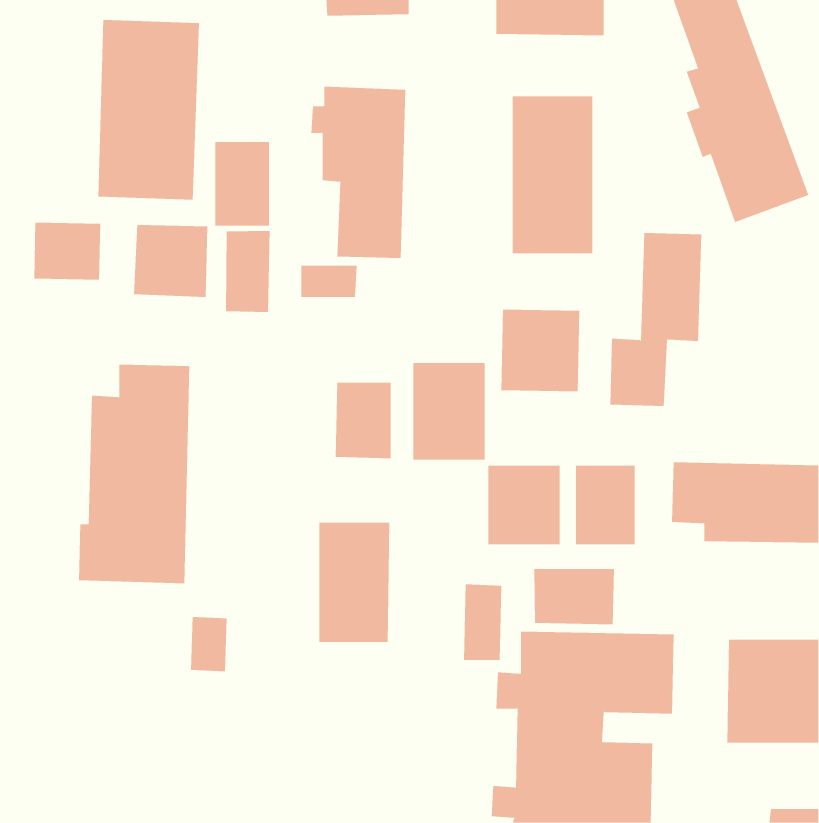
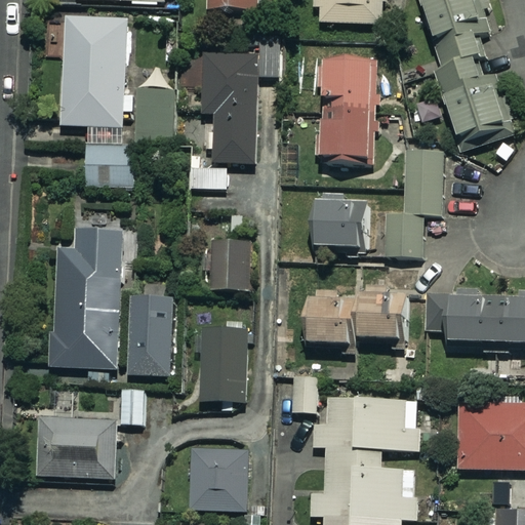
building: [34,222,101,281] -> none
building: [226,230,270,313] -> none
building: [413,362,485,461] -> none
building: none -> [129,297,173,376]
building: [534,568,614,625] -> none
building: none -> [37,416,114,477]
building: none -> [189,448,248,510]

